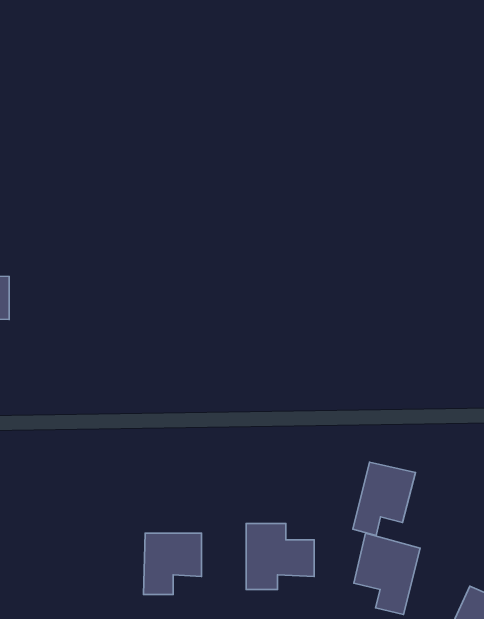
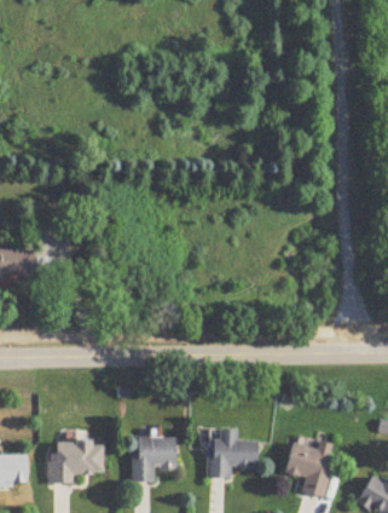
building: [353,462,416,535] -> none
building: none -> [48,442,103,483]

